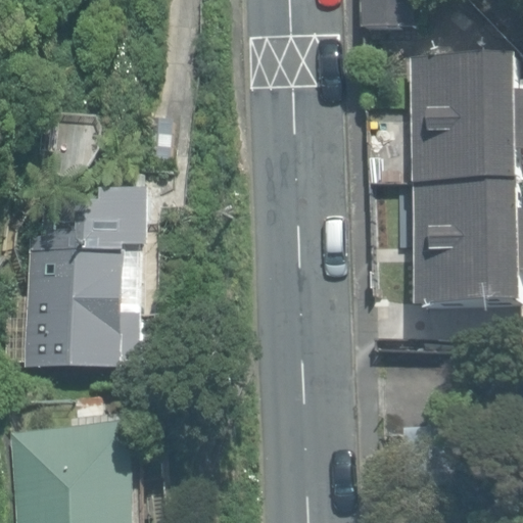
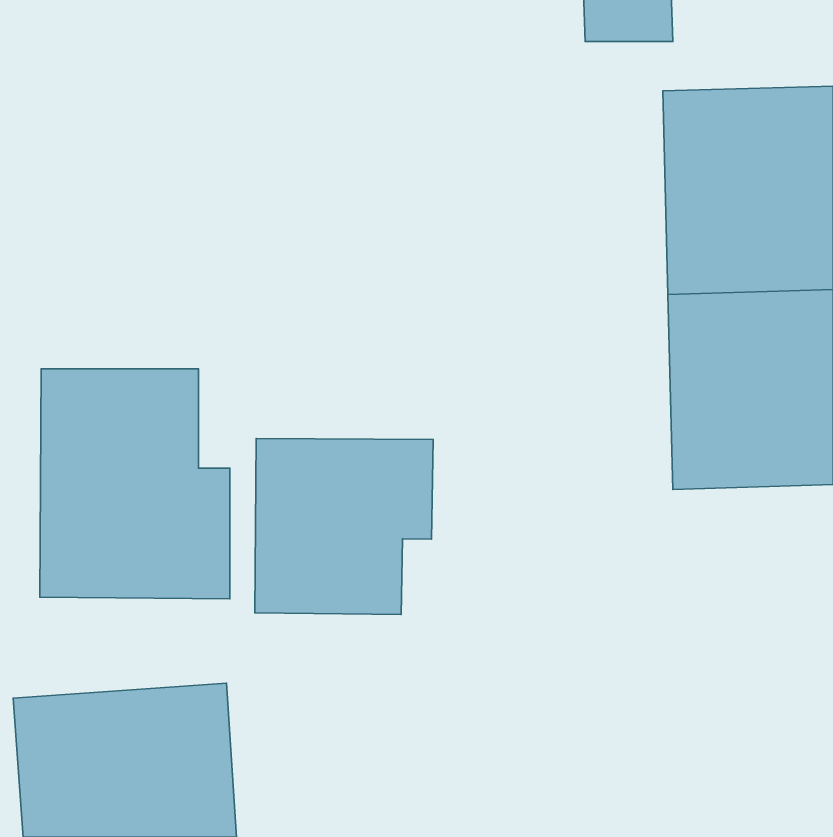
building: none -> [255,439,433,615]

